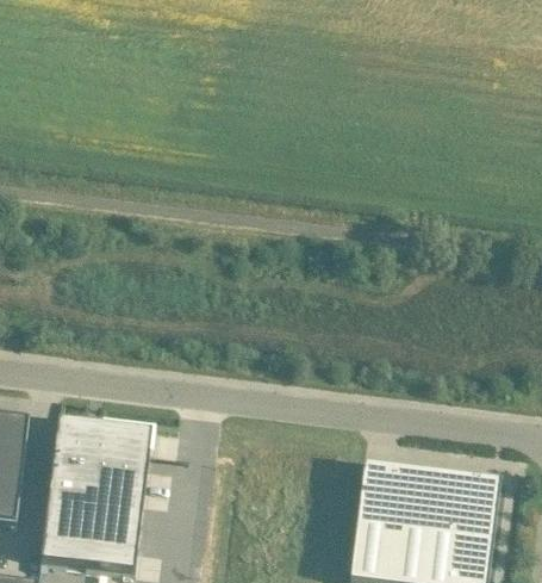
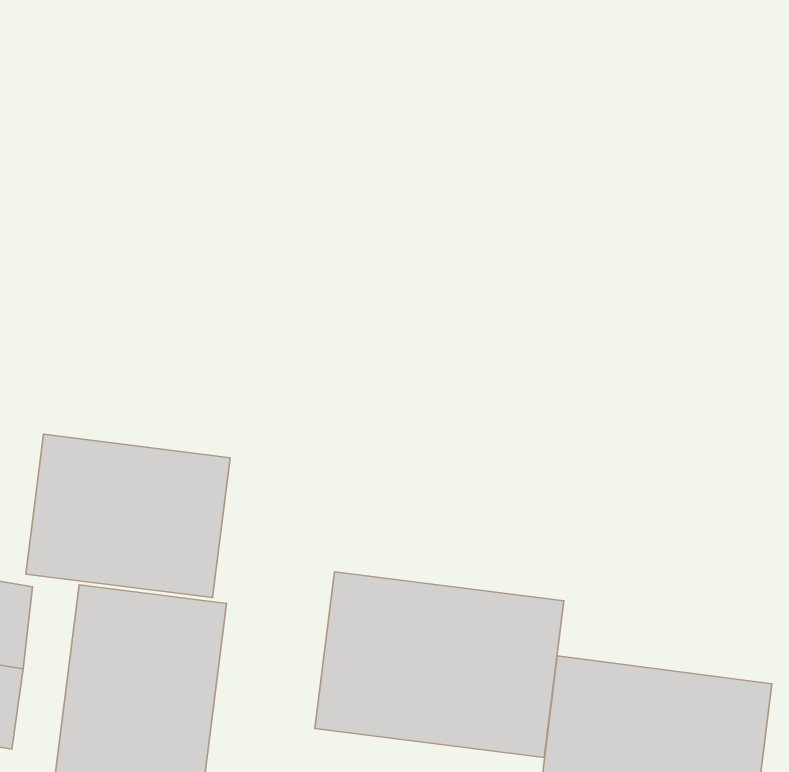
building: none -> [26,434,230,598]
building: none -> [315,572,564,757]

